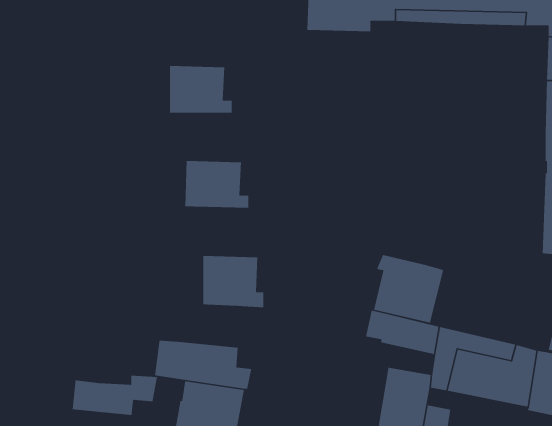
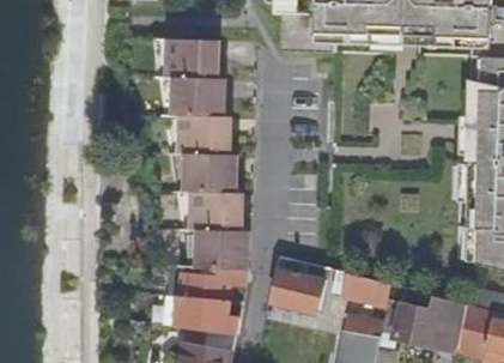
building: none -> [165,37,215,77]
building: none -> [177,114,229,152]
building: none -> [190,188,242,228]
building: [373,254,444,324] -> [269,256,326,311]
building: [72,375,158,416] -> [178,267,247,300]

